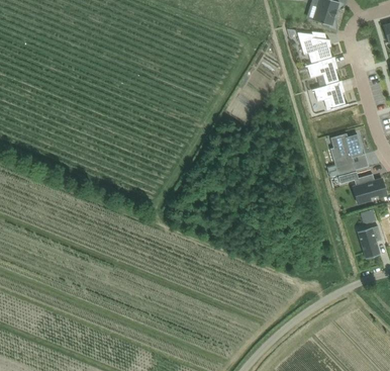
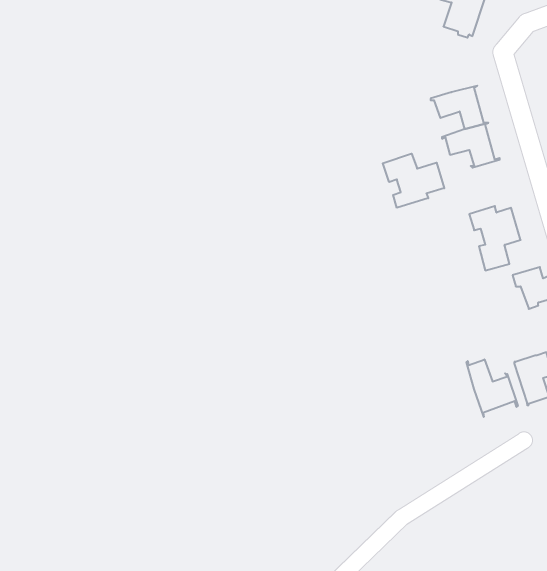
building: [297,32,334,62] -> none
building: none -> [383,154,444,208]
building: none -> [467,359,518,417]

